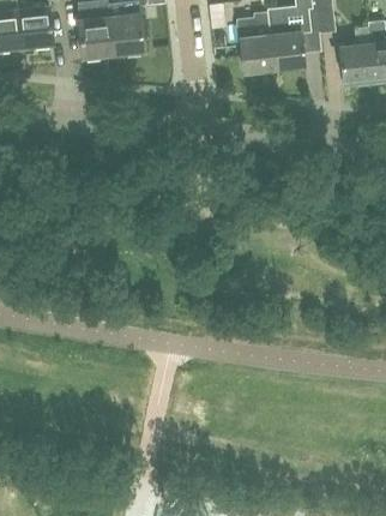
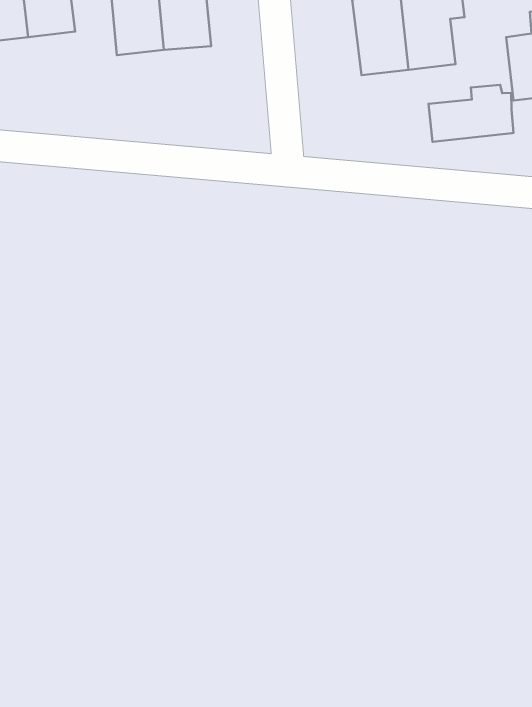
building: none -> [429,85,514,142]

